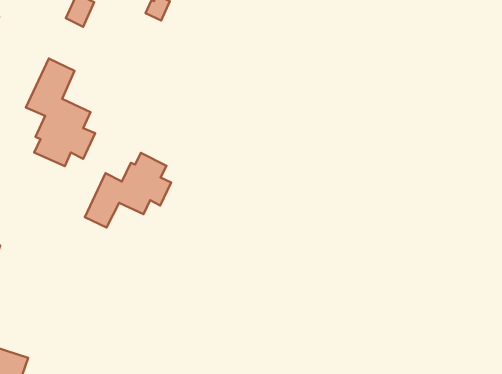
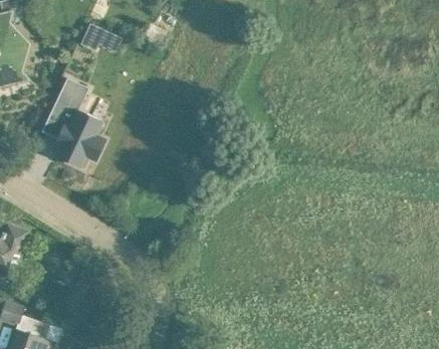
building: [85,153,171,228] -> none

